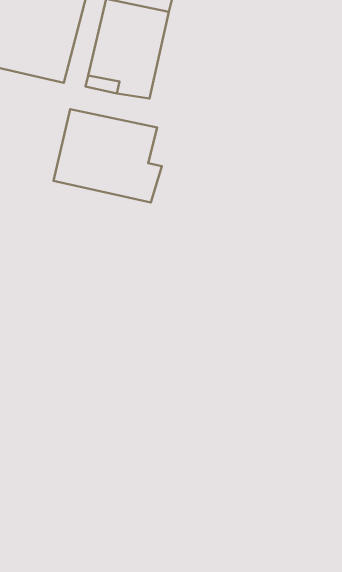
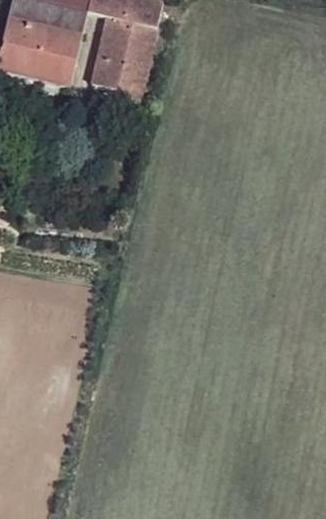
building: [53,109,162,202] -> none

